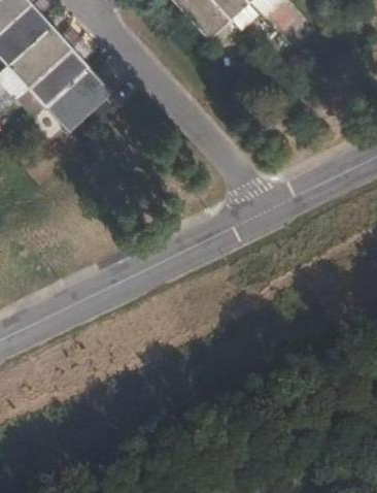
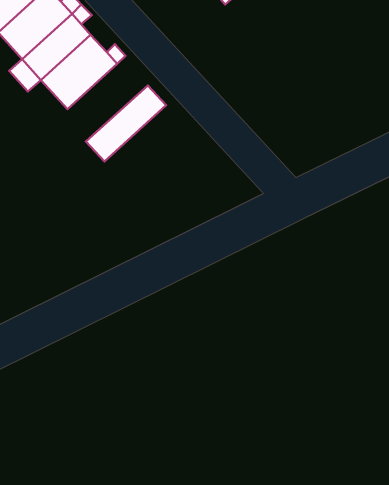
building: none -> [86,85,166,161]

